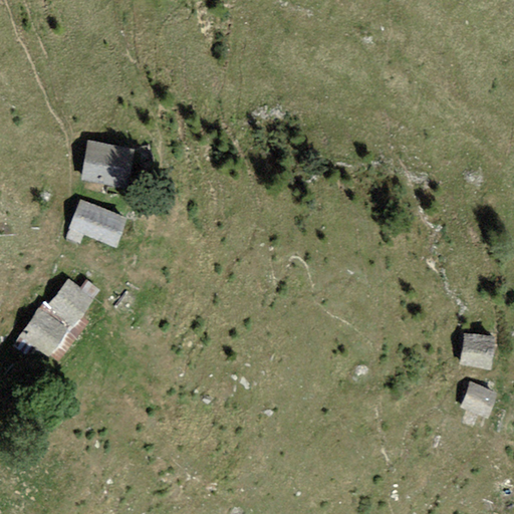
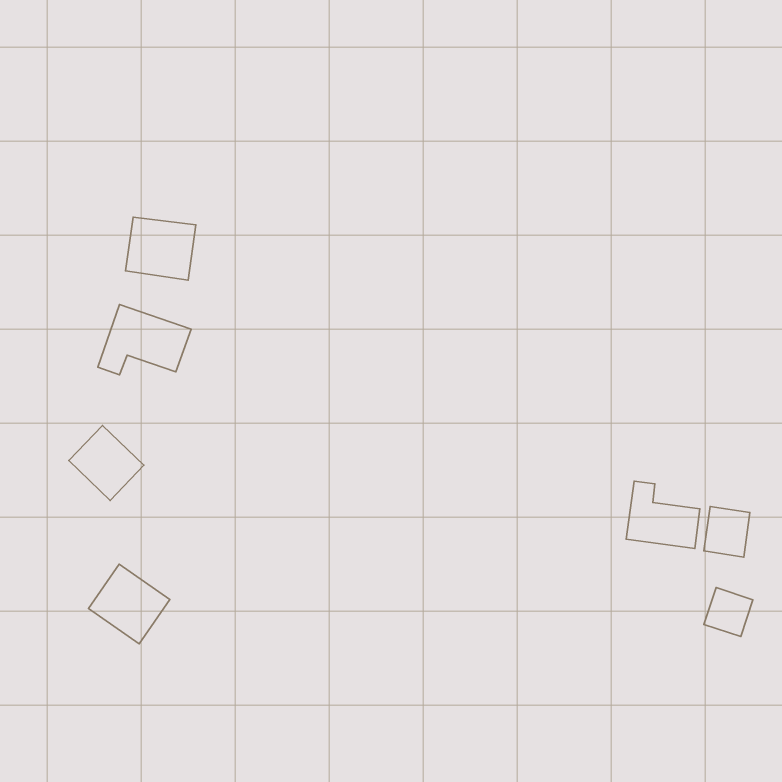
building: [19,307,72,359] -> [89,564,170,644]
building: none -> [626,481,700,549]

